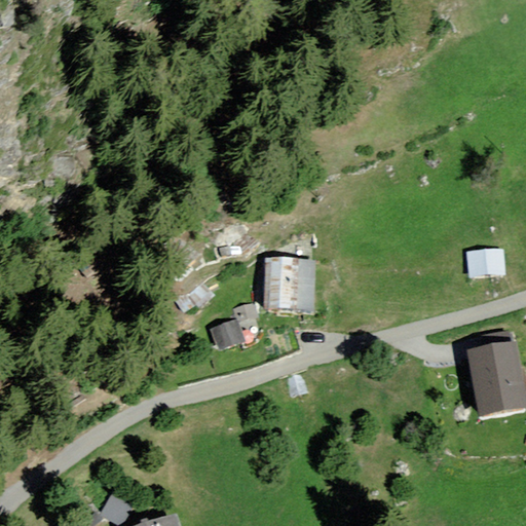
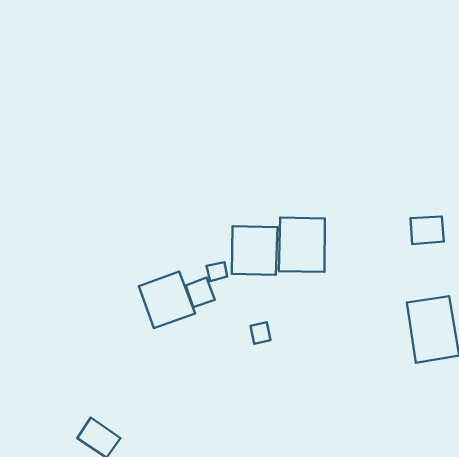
building: none -> [279,217,325,272]
building: none -> [139,272,195,328]

